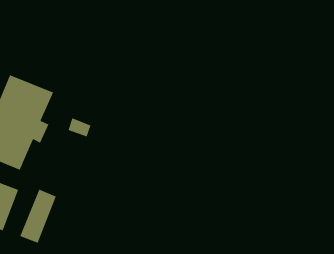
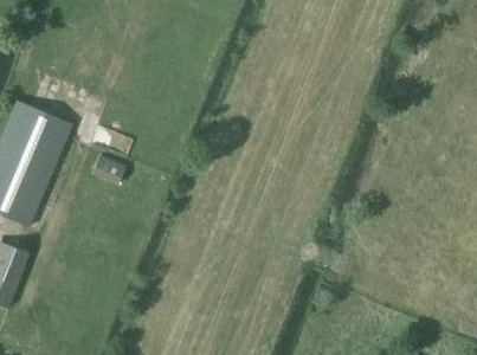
building: [19,188,57,244] -> none

